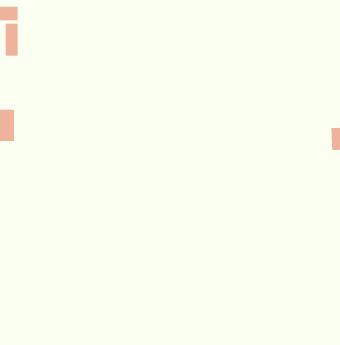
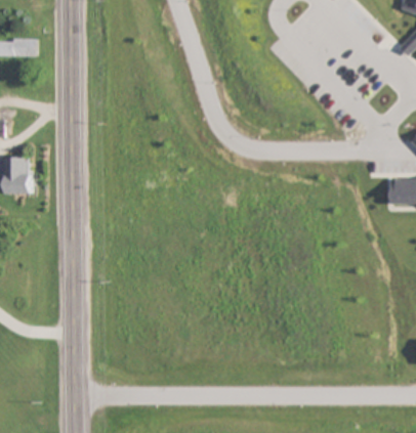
building: [5,23,18,57] -> none

